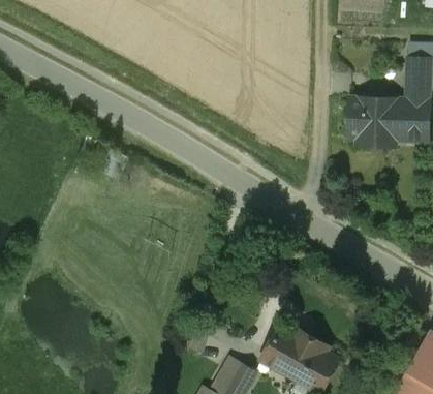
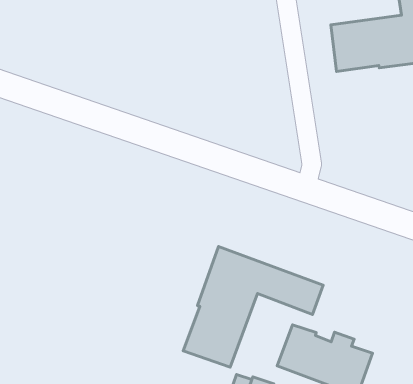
building: none -> [183,246,323,367]

